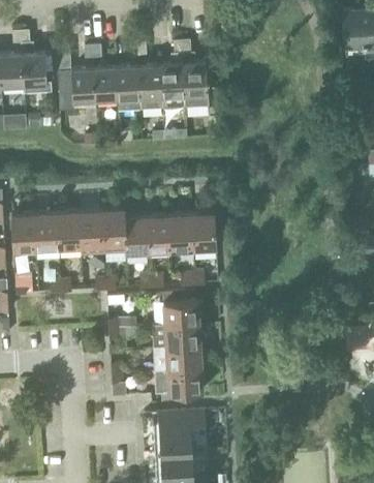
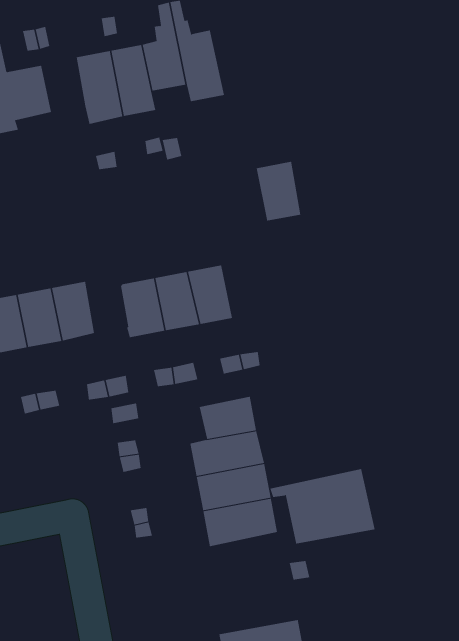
building: [94,67,118,100] -> none
building: [102,210,125,246] -> none
building: [191,213,216,249] -> [256,161,301,221]
building: [144,409,208,451] -> [270,469,375,544]

